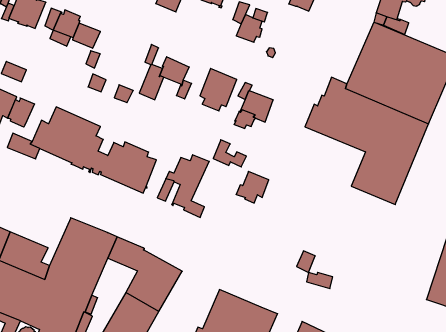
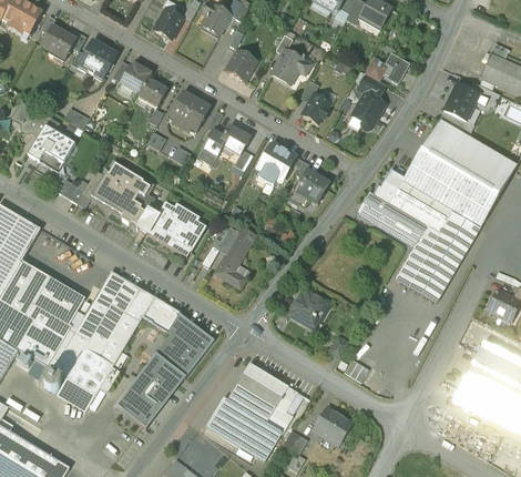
building: none -> [353,92,385,128]
building: none -> [171,92,210,131]
building: [8,98,35,127] -> none
building: [236,171,269,203] -> [292,292,326,324]

